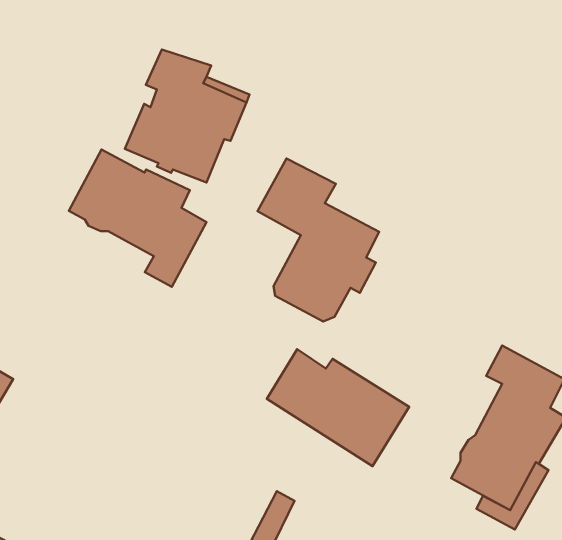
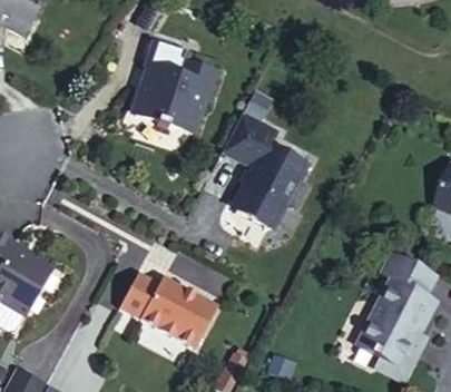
building: [69,149,206,287] -> none
building: [267,349,409,466] -> [117,268,216,350]

